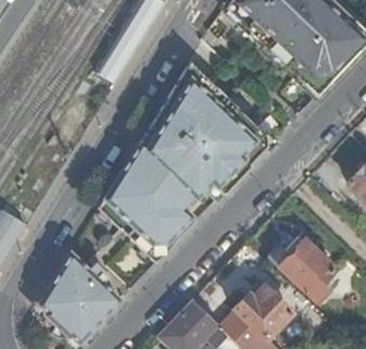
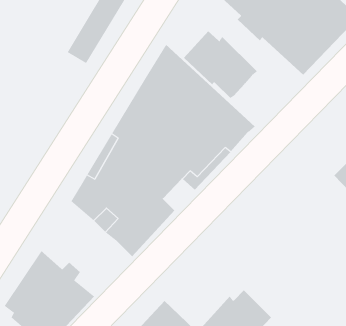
building: none -> [183,30,258,99]
building: [280,237,337,303] -> none

